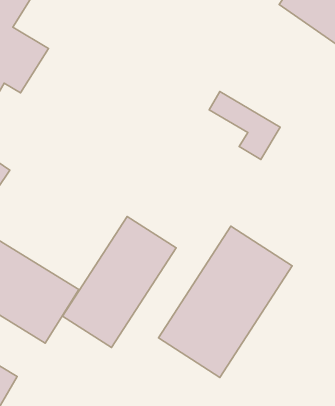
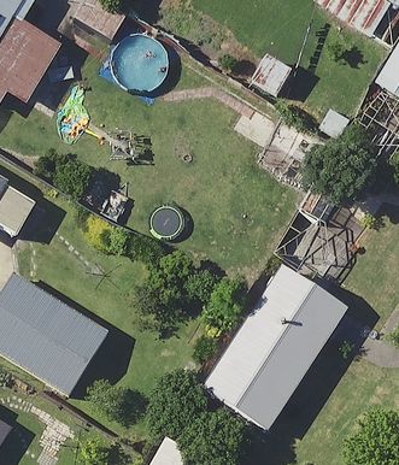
building: [63,216,176,348] -> none

